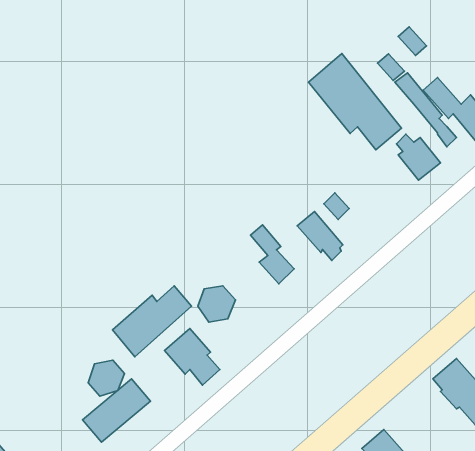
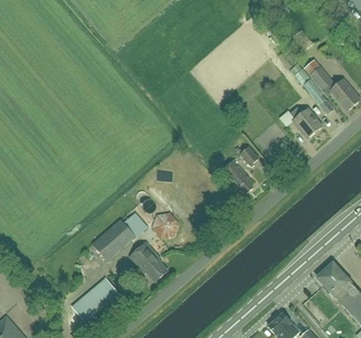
building: [309,54,402,150] -> none
building: [250,225,294,284] -> none
building: [88,360,124,396] -> none

